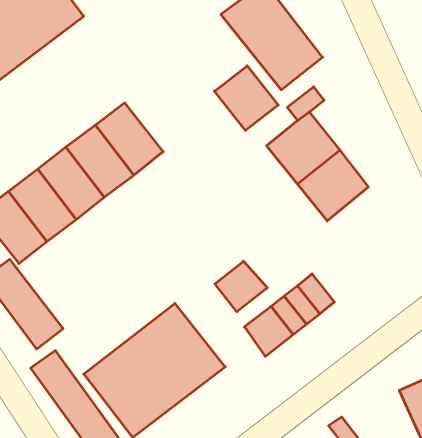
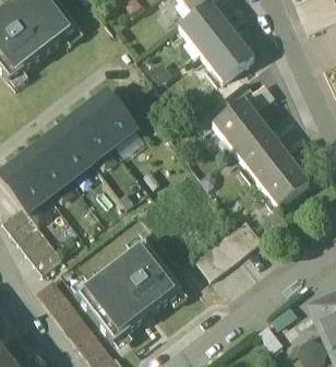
building: [214,66,278,130] -> none
building: none -> [256,154,310,208]
building: [215,261,267,312] -> none

